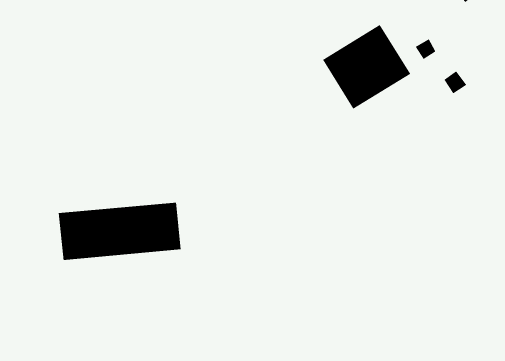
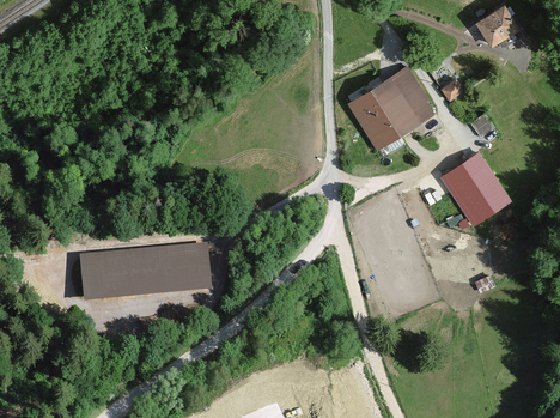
building: none -> [443,149,513,223]

